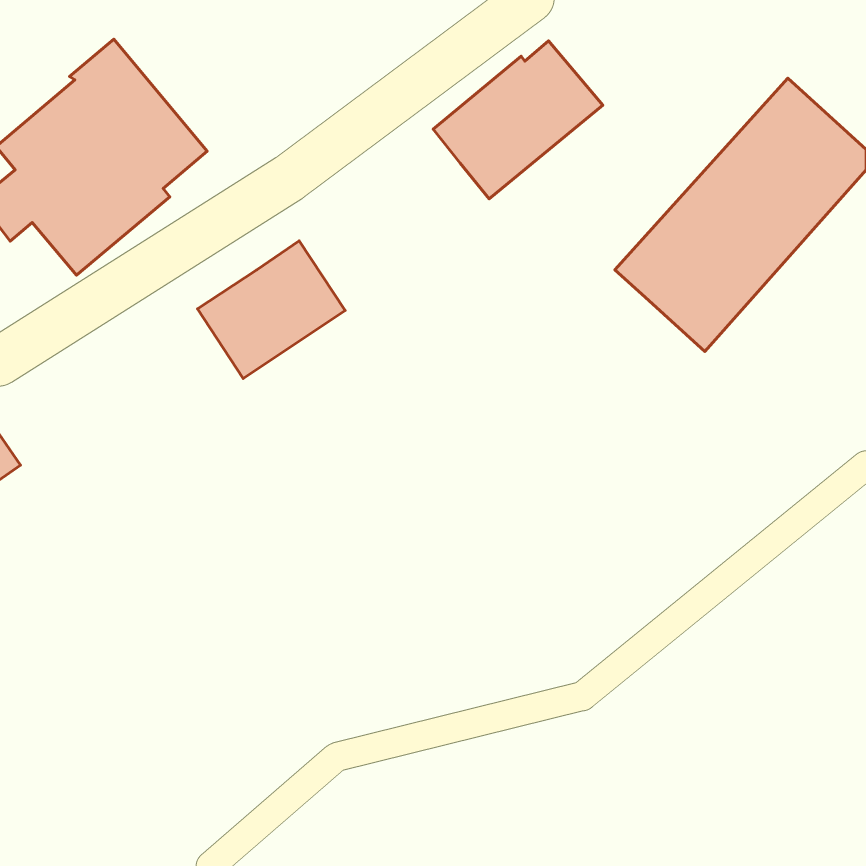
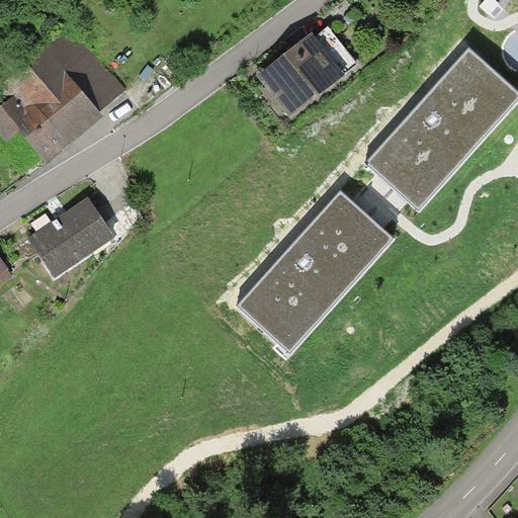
building: [197,241,345,378] -> [26,197,114,279]
building: none -> [237,189,397,354]

